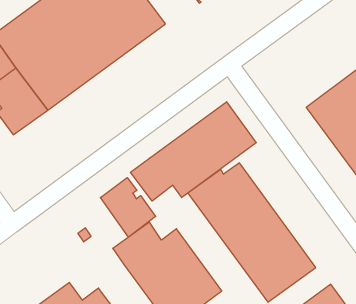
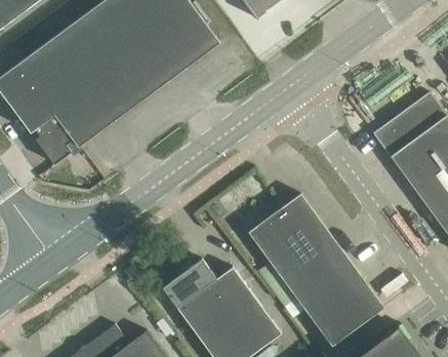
building: [130,102,256,201] -> none
building: [100,178,156,237] -> none

